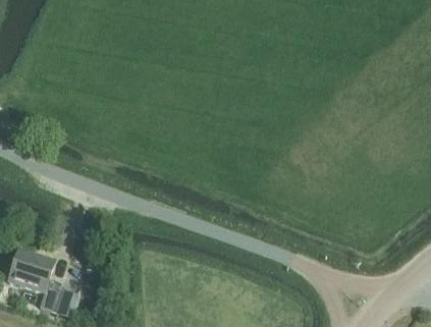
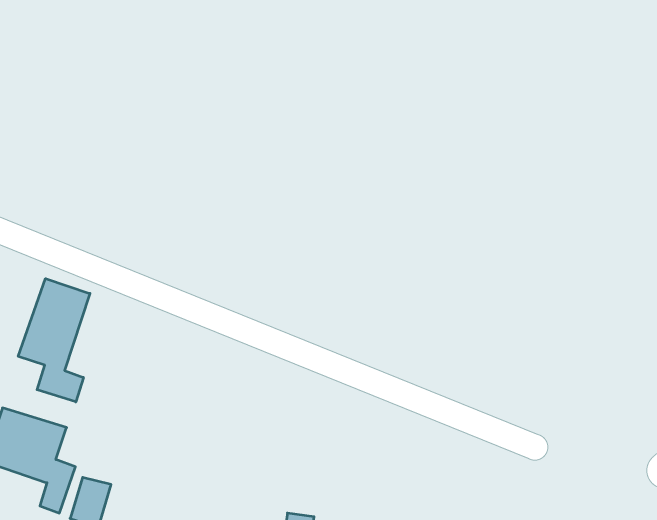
building: none -> [18,279,90,402]

